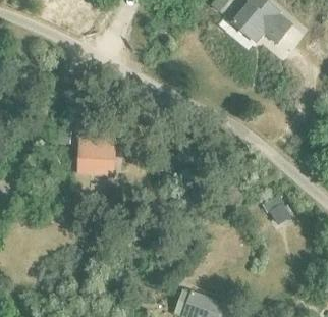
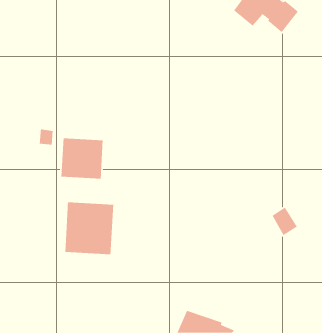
building: none -> [64,201,114,255]

